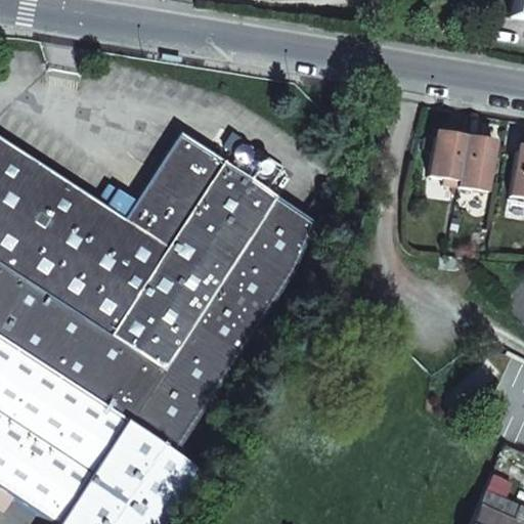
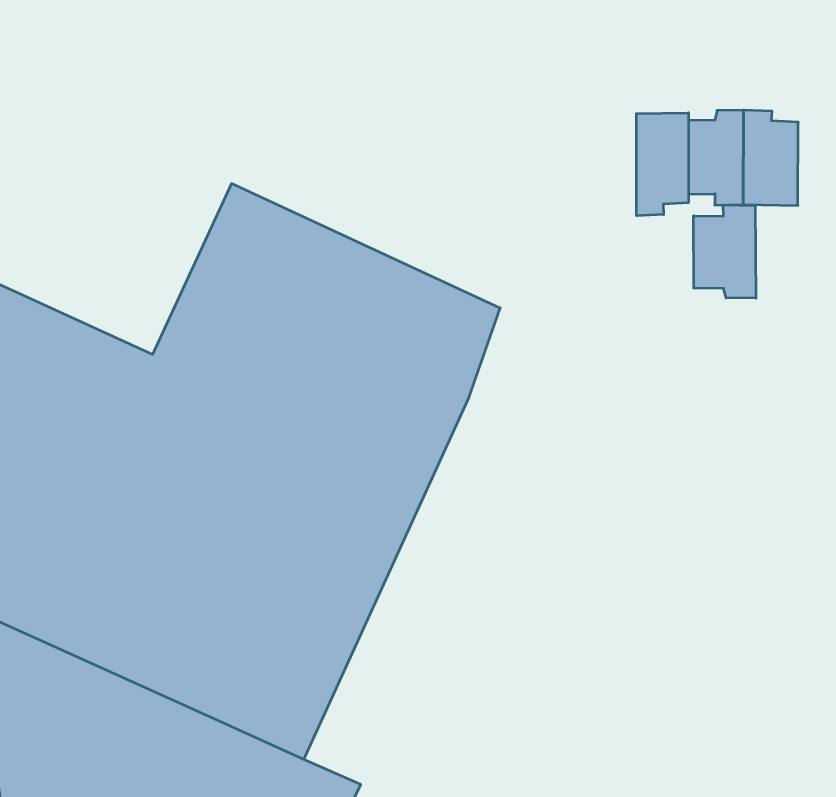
building: none -> [636,113,688,216]
building: none -> [694,205,756,298]

